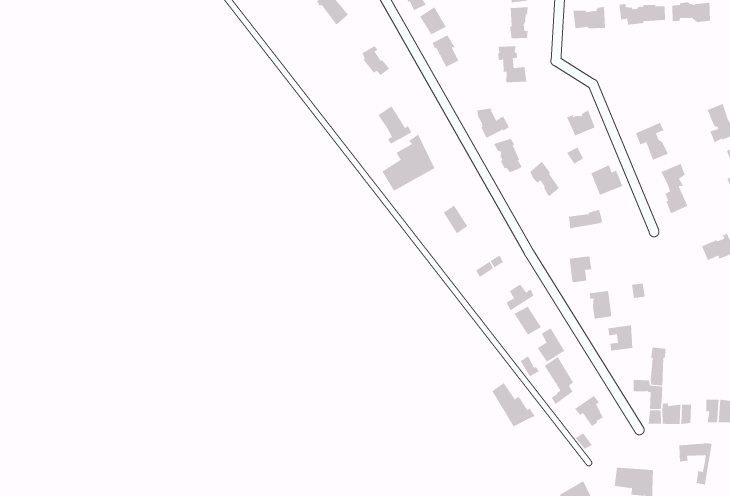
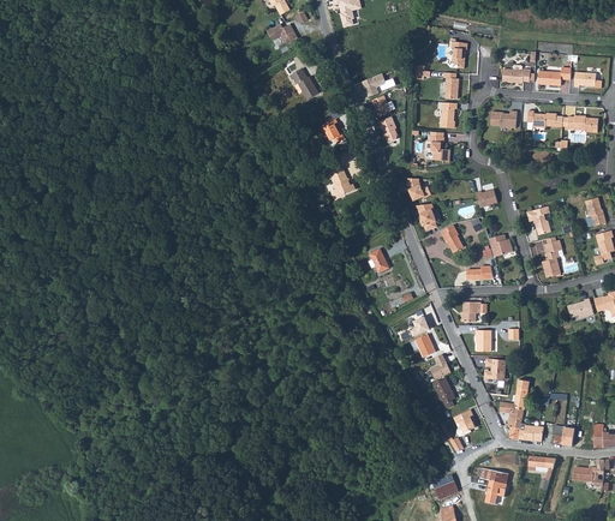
building: [381,134,435,192] -> none
building: [491,382,536,427] -> none

